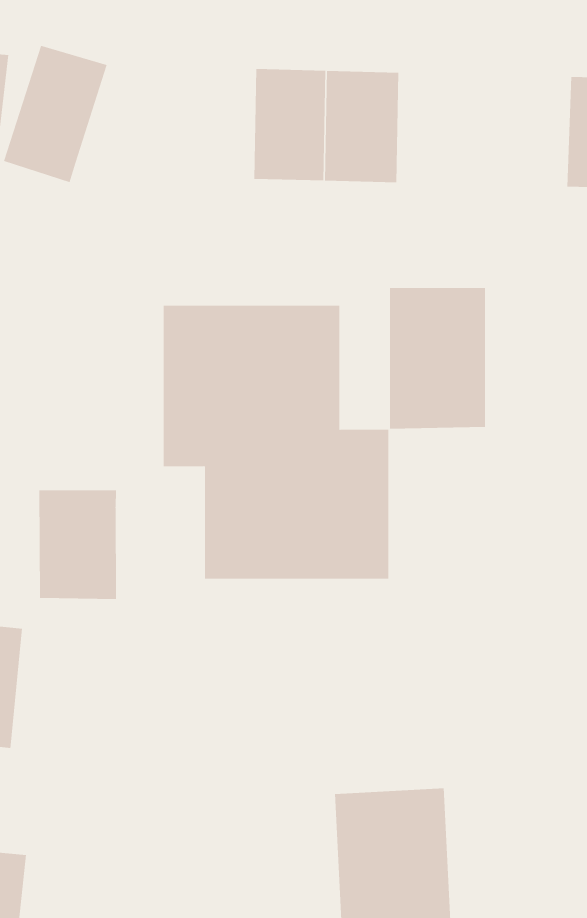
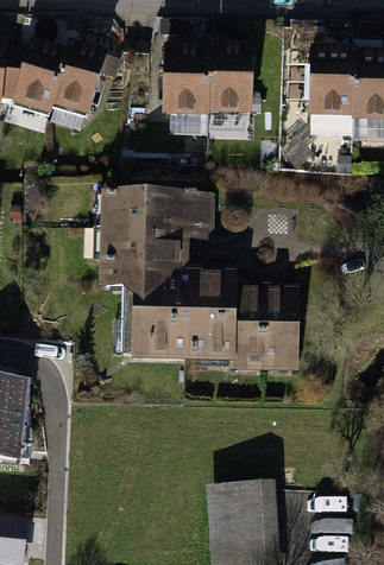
building: none -> [52,38,114,119]
building: none -> [306,52,351,120]
building: [389,287,486,429] -> [241,277,300,362]
building: [39,489,116,600] -> none

